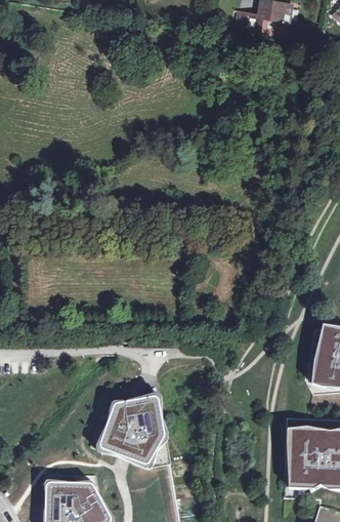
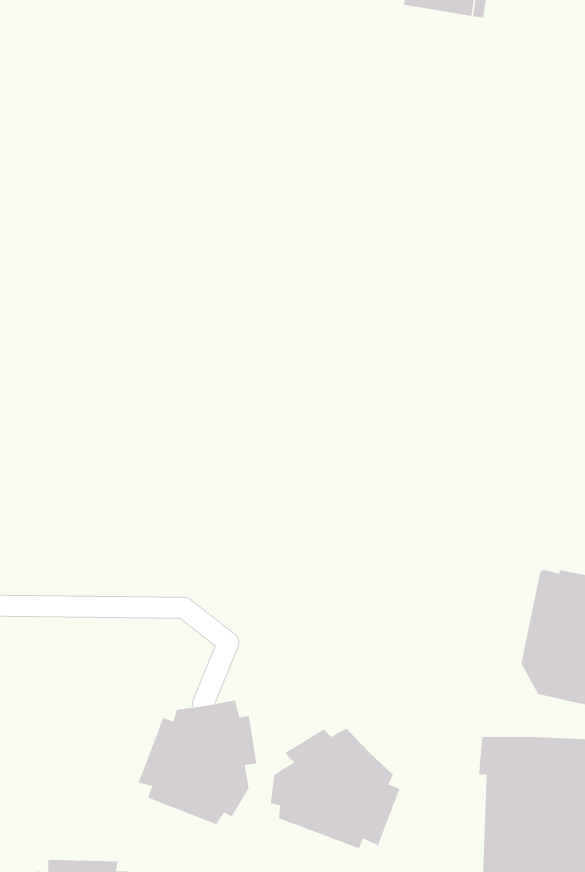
building: none -> [270,728,400,849]

